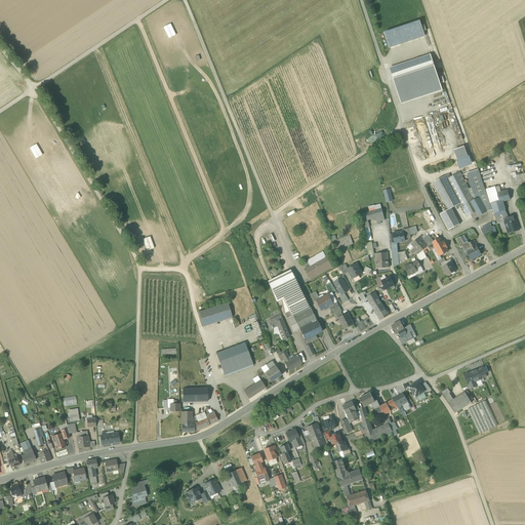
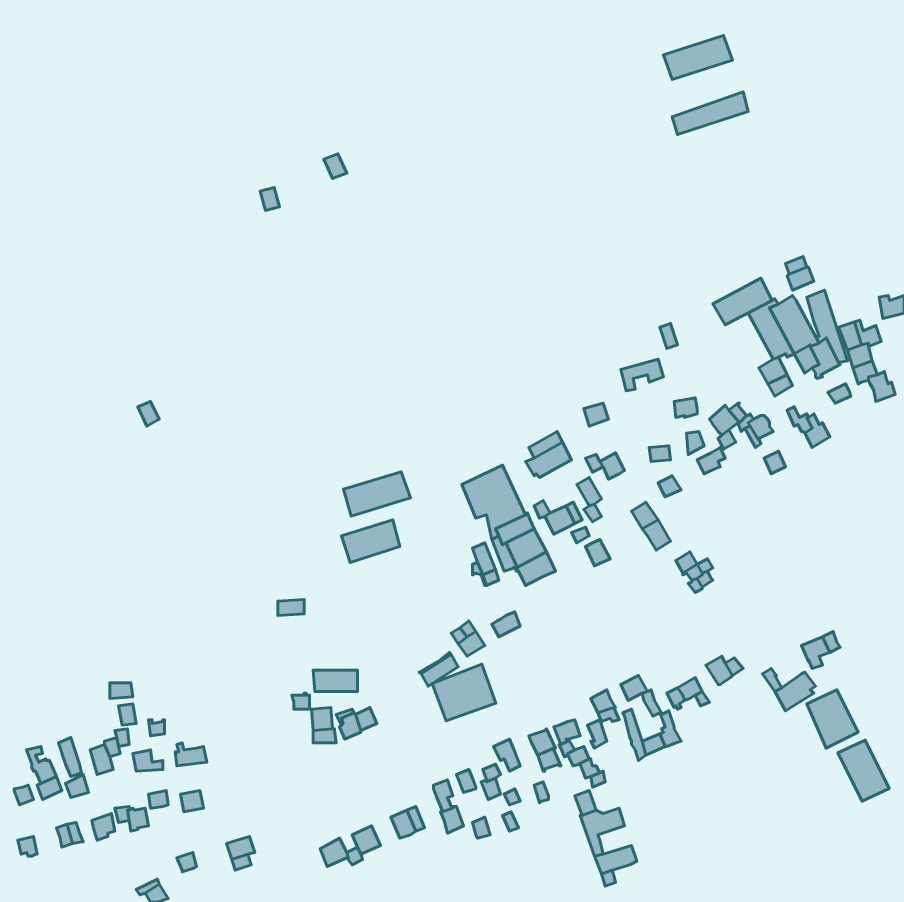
building: [393,65,442,103] -> none
building: none -> [713,278,772,325]
building: none -> [343,472,410,516]
building: [216,342,253,375] -> [432,664,496,721]
building: none -> [838,740,889,801]

